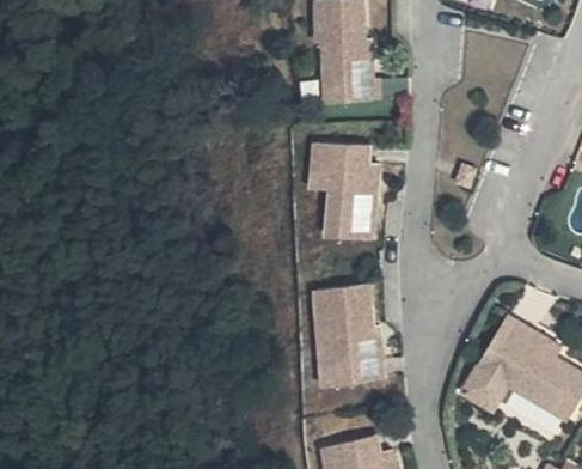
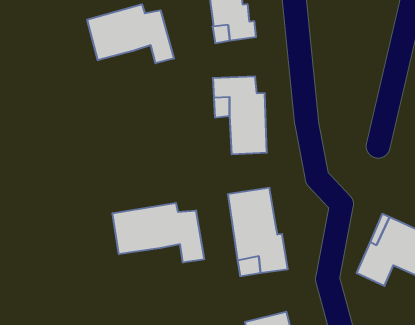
building: none -> [87,4,174,63]
building: none -> [113,203,204,263]

